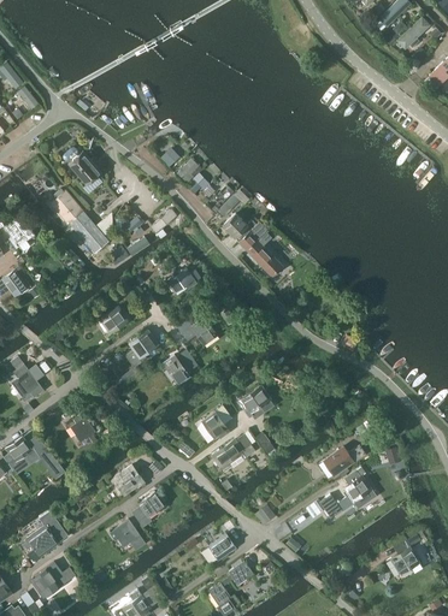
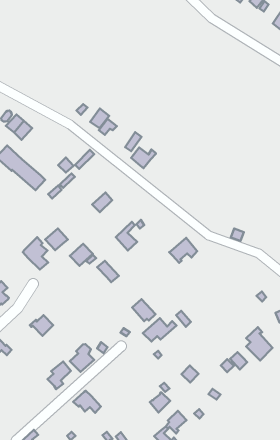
building: [238,221,283,276] -> none
building: none -> [23,237,48,269]
building: [237,385,273,416] -> [169,238,197,263]
building: [323,445,366,475] -> none
building: [132,492,164,527] -> [48,361,71,389]
building: [25,525,58,561] -> none

